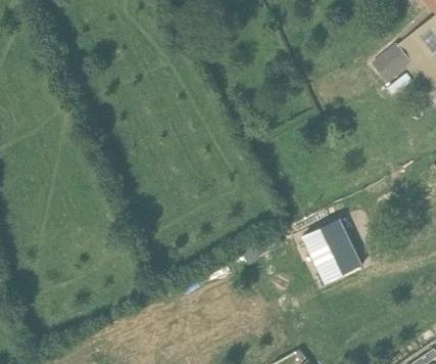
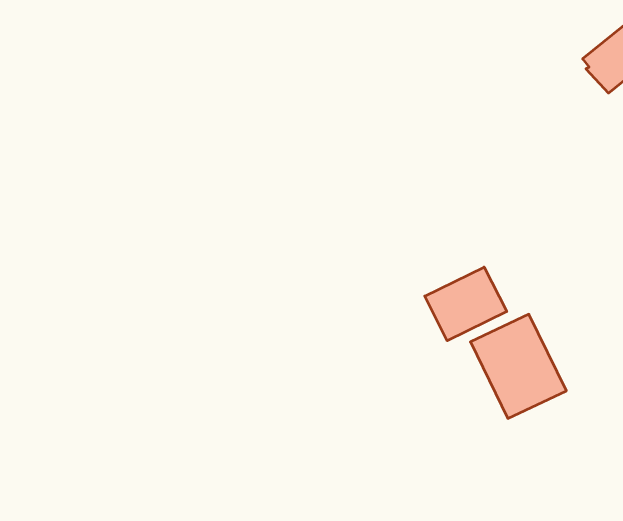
building: none -> [425,267,507,341]

